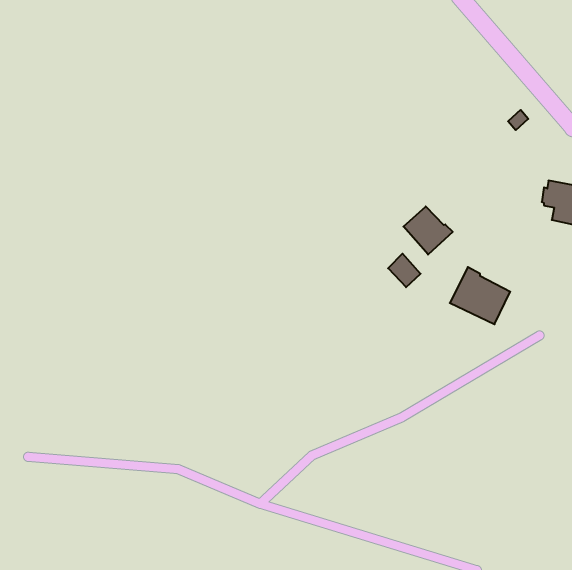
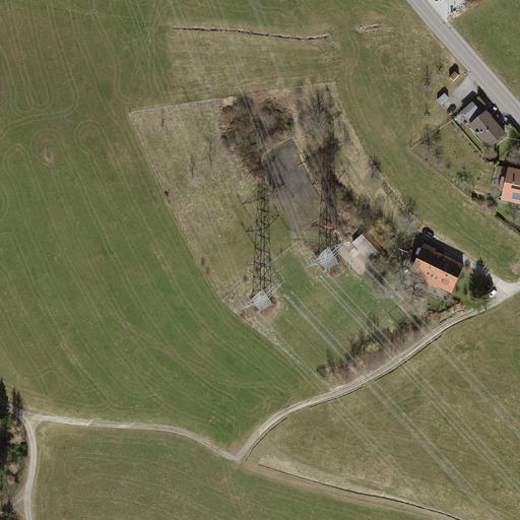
building: none -> [468,109,506,148]
building: [403,206,453,255] -> none

